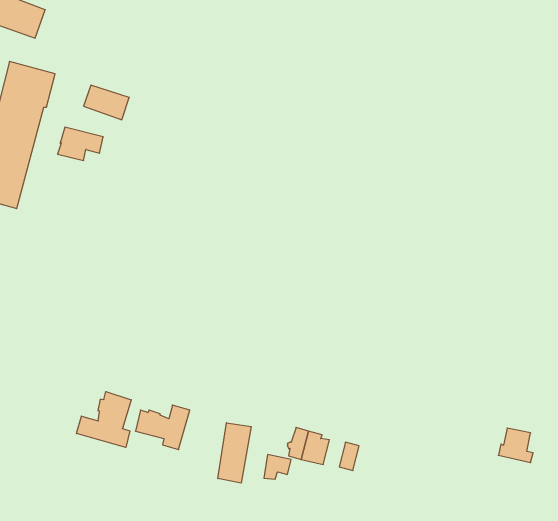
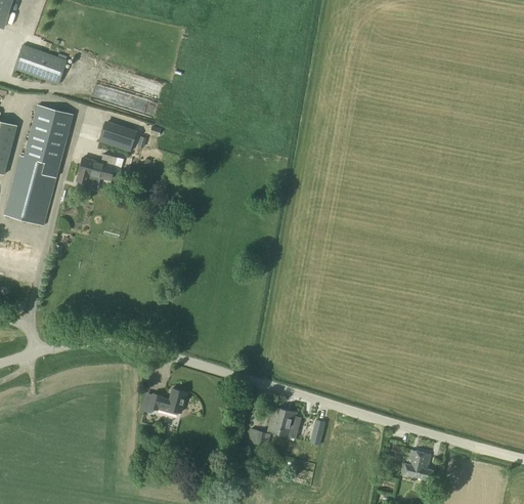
building: [77,392,131,447] -> none
building: [218,423,251,483] -> none
building: [498,428,533,463] -> [403,450,432,478]

